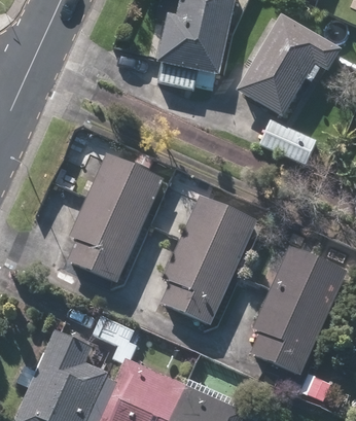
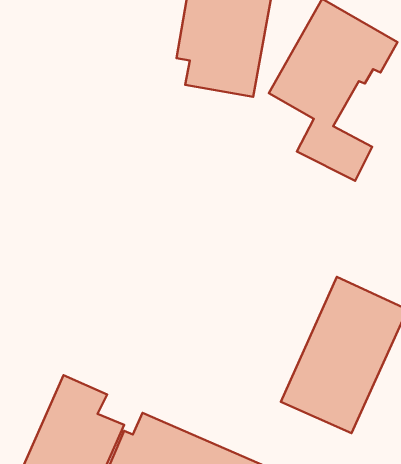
building: [59,153,163,284] -> none
building: [155,195,257,326] -> none

